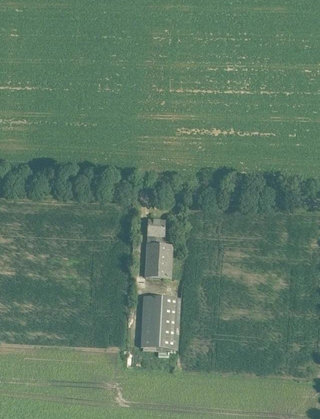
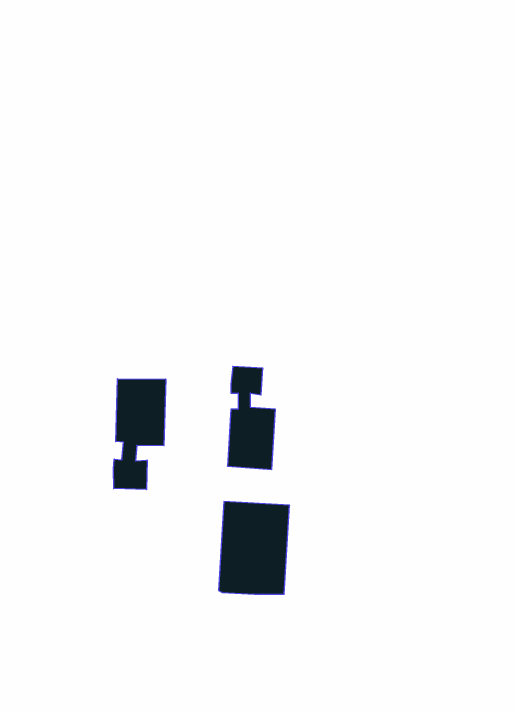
building: none -> [113,379,166,490]

